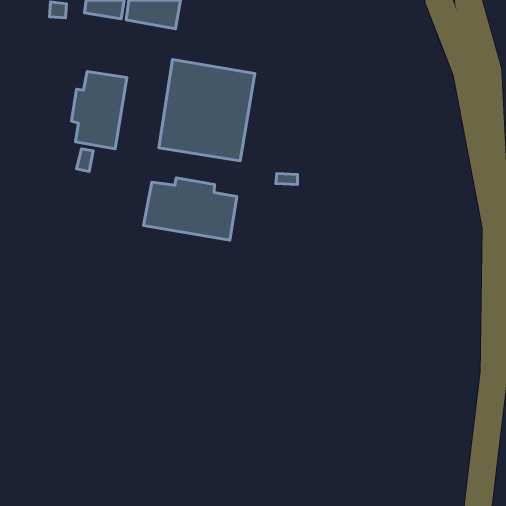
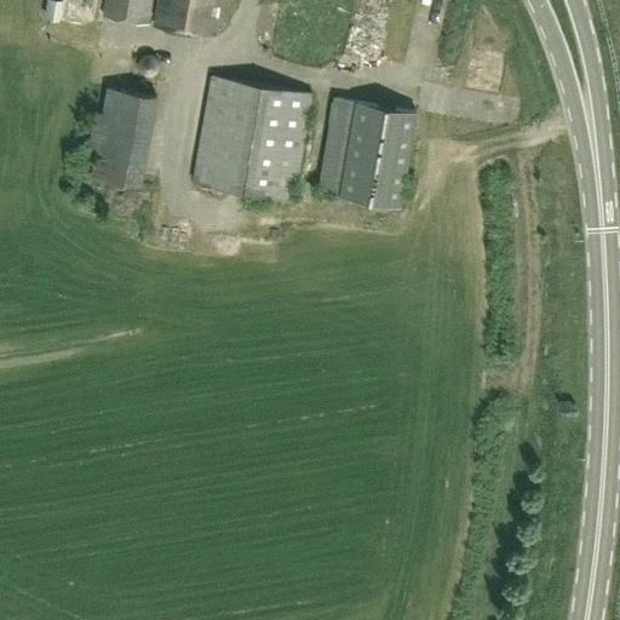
building: none -> [317,97,415,206]
building: [144,178,237,240] -> none

